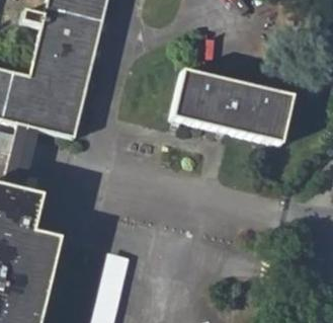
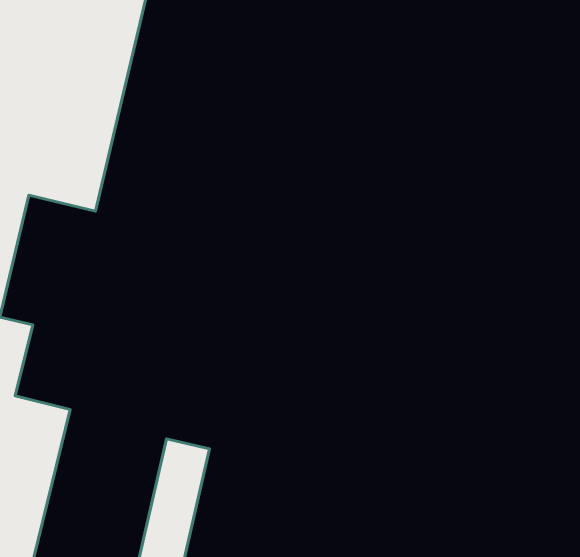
building: [173,69,292,139] -> none

